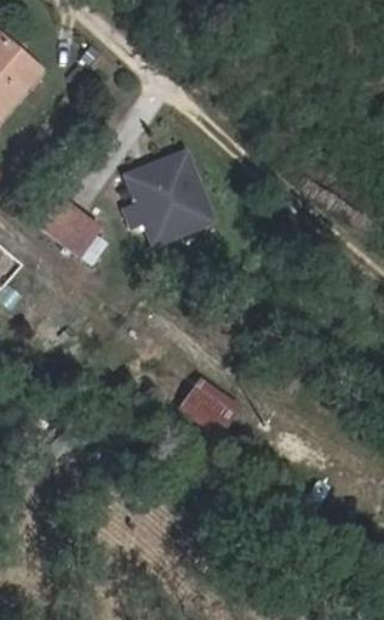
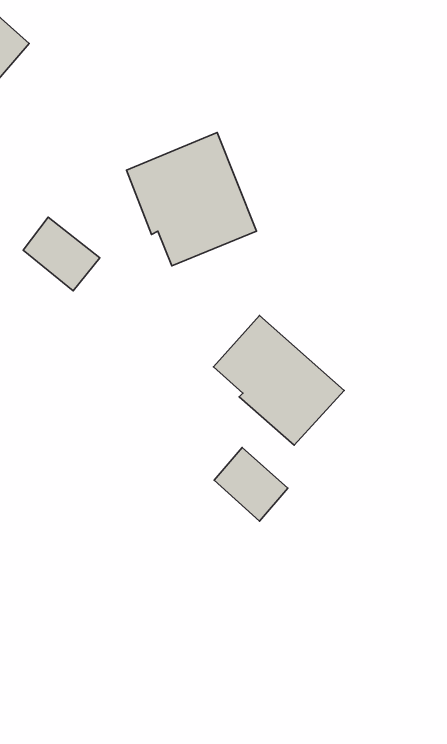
building: none -> [213,315,344,445]

